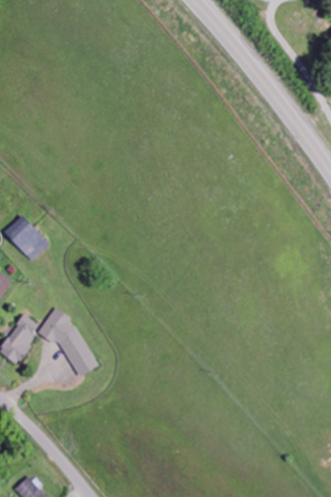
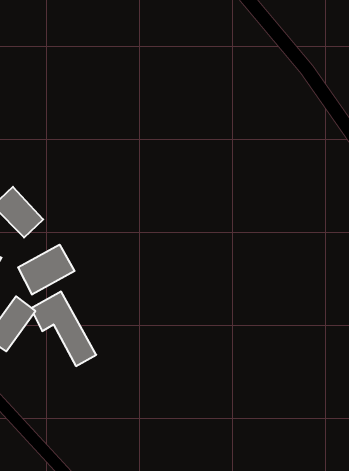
building: none -> [18,245,75,295]

